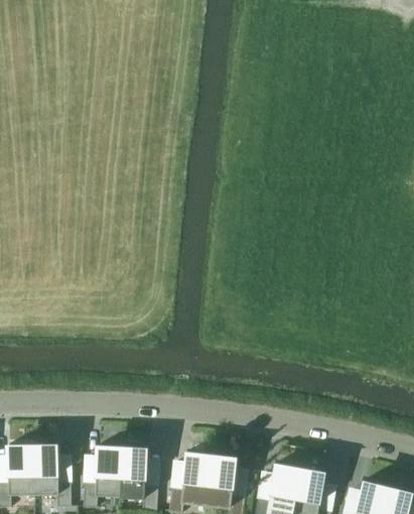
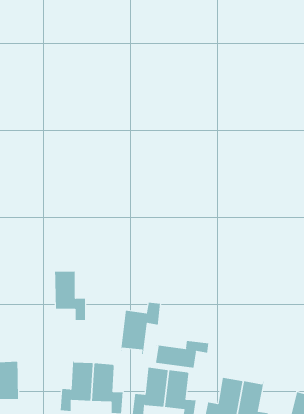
building: none -> [120,302,160,355]
building: none -> [152,340,209,369]
building: [33,441,71,505] -> [54,267,86,320]

